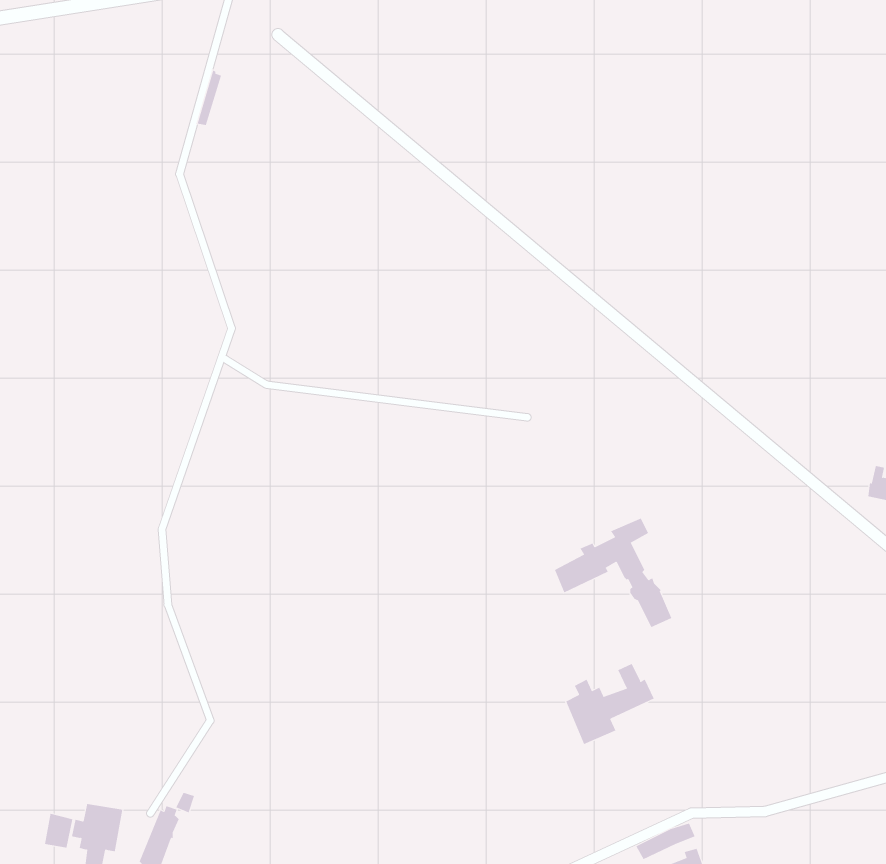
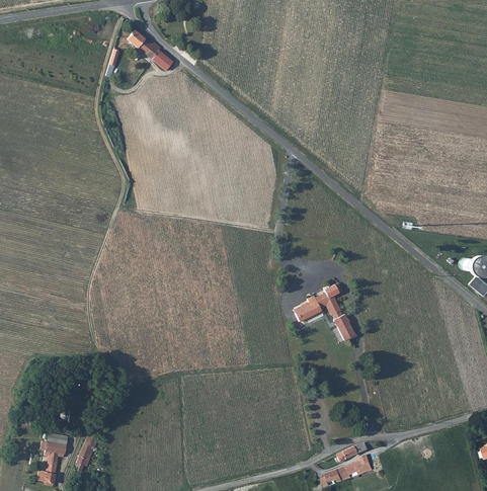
building: none -> [127,28,174,70]
building: [566,663,654,745] -> none

